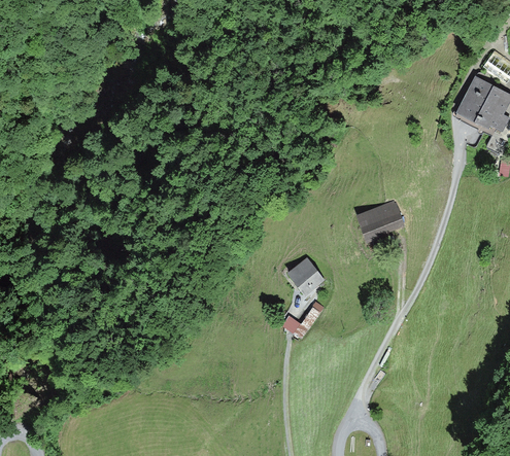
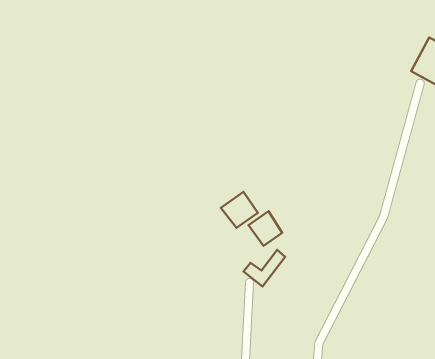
building: [354,199,405,243] -> none
building: none -> [221,192,258,228]

